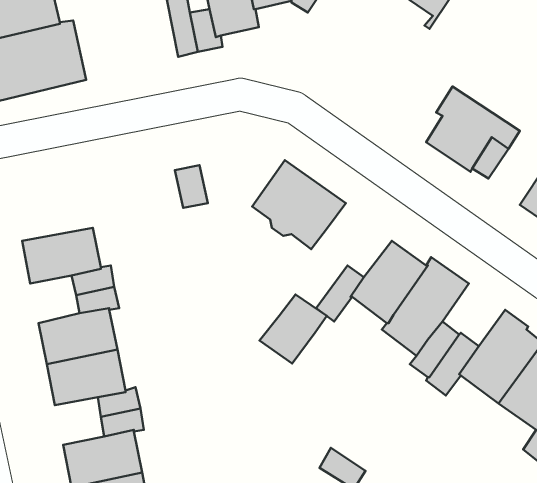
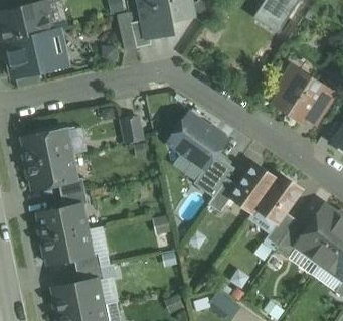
building: none -> [22,129,70,163]
building: [259,295,327,364] -> [192,155,233,197]

